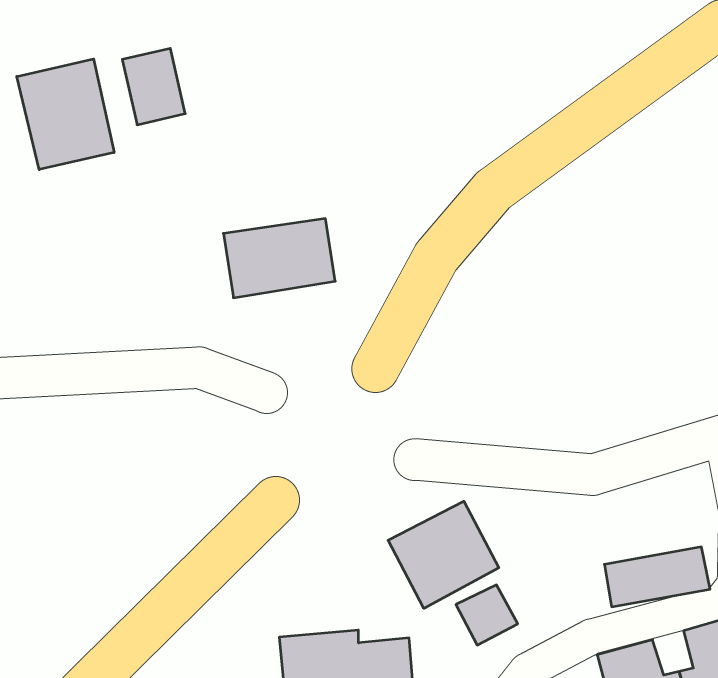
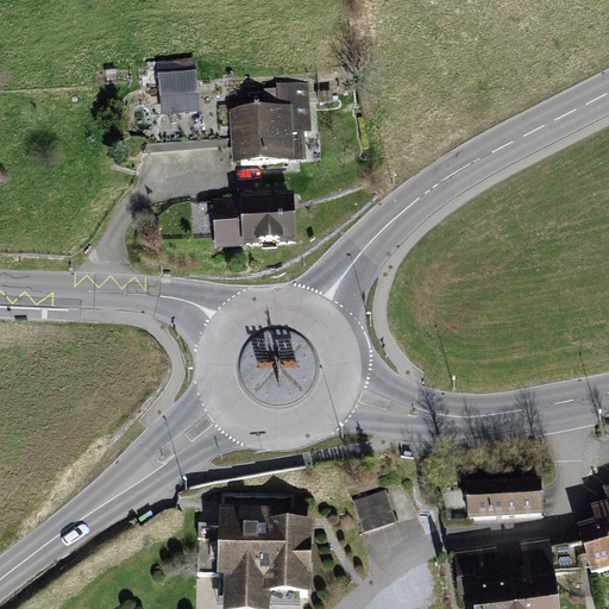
building: [17,59,114,170] -> none
building: none -> [234,87,309,170]
building: [388,501,499,608] -> none

